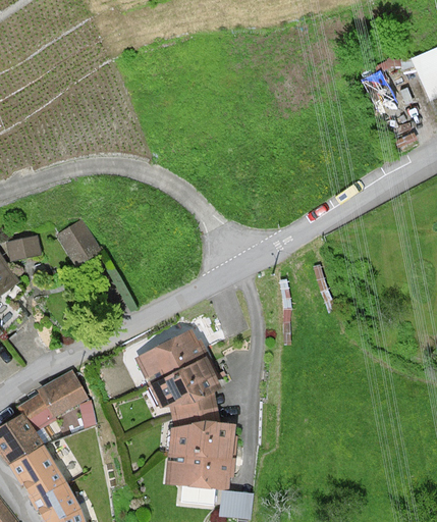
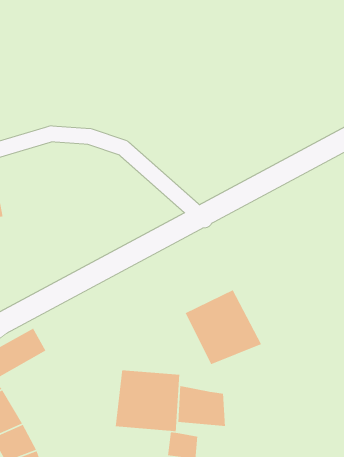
building: [59,221,99,259] -> none
building: [132,330,217,413] -> [185,289,262,365]
building: none -> [178,385,226,427]

